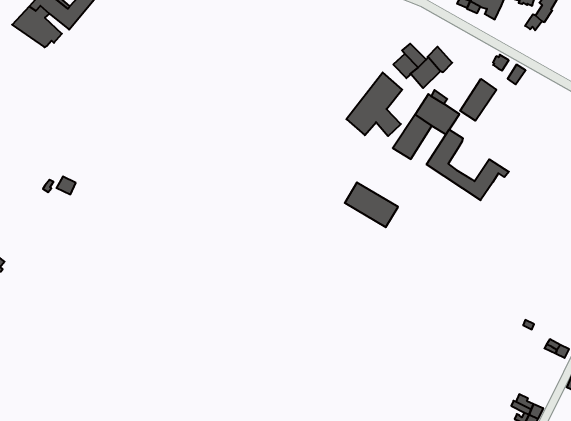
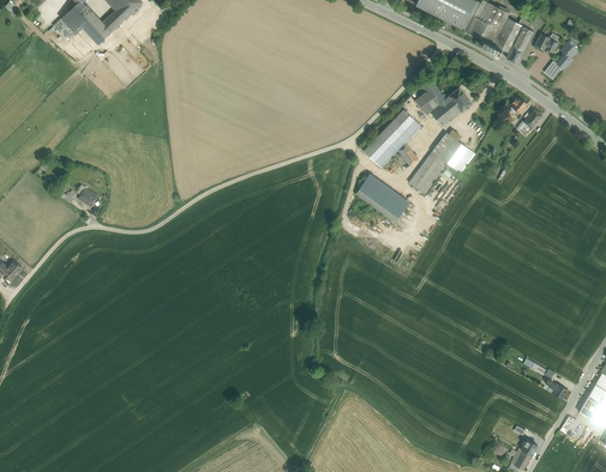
building: [460,79,496,121] -> none
building: [427,130,509,200] -> none
building: [345,182,398,227] -> [356,175,408,220]

